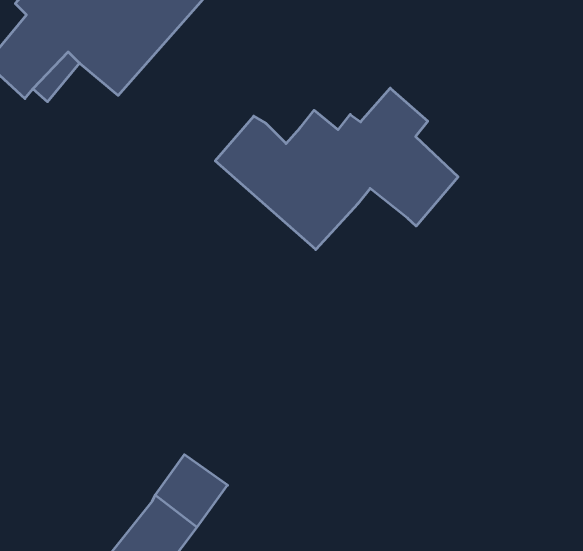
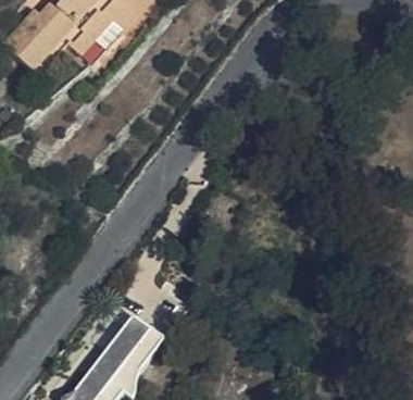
building: [215,88,458,250] -> none

